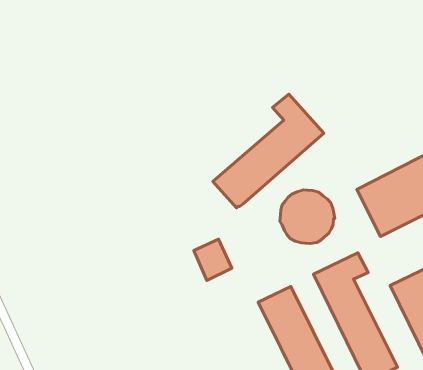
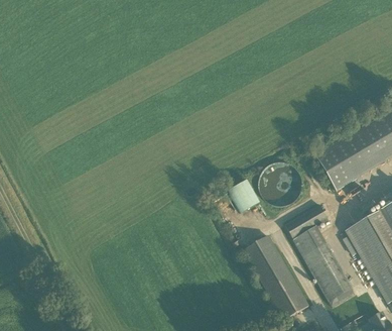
building: [213,94,324,208] -> none
building: [194,239,232,280] -> [228,180,259,213]

